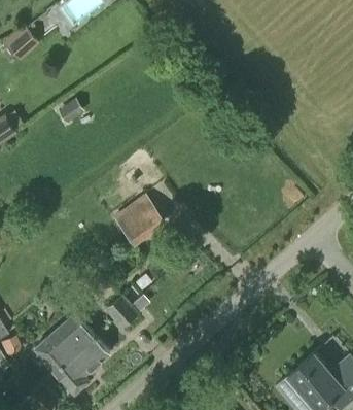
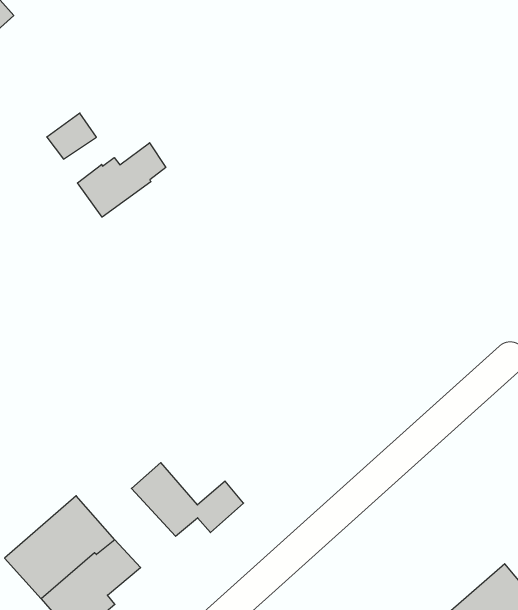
building: none -> [77,143,166,217]
building: [115,196,168,246] -> none

